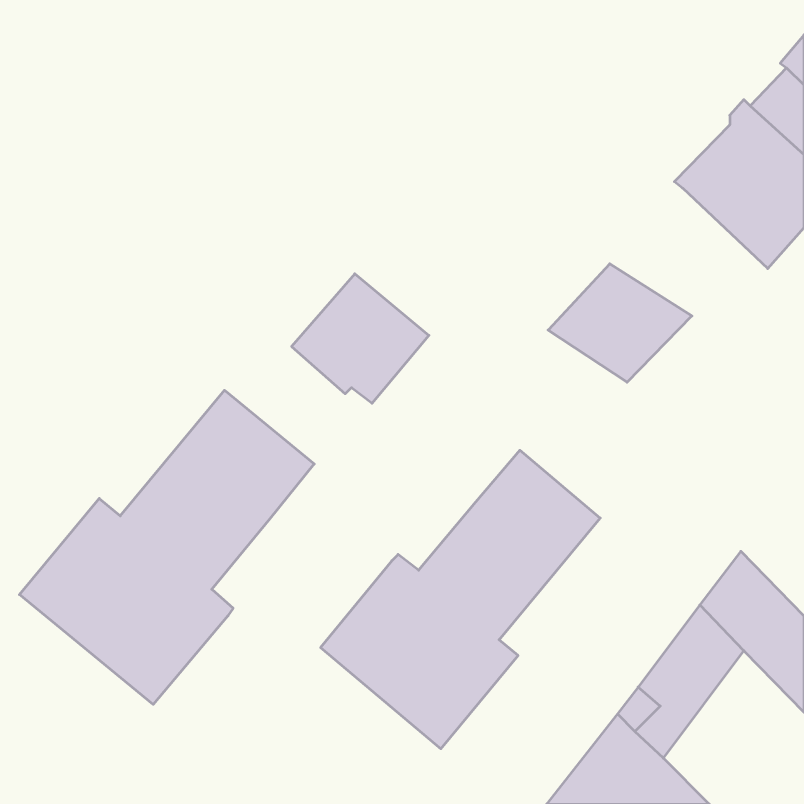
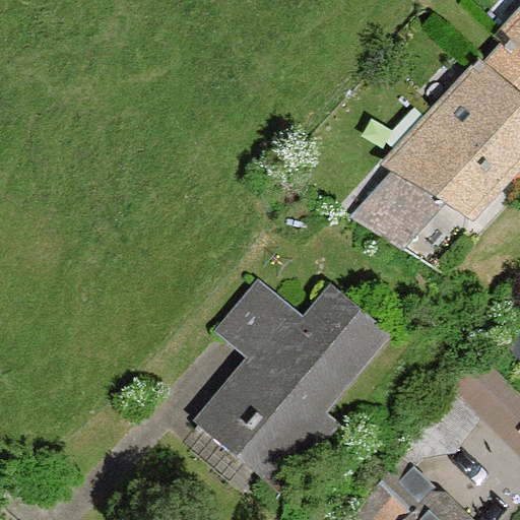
building: none -> [392,121,502,217]
building: [292,274,429,403] -> [217,283,306,367]
building: [19,390,314,704] -> none

